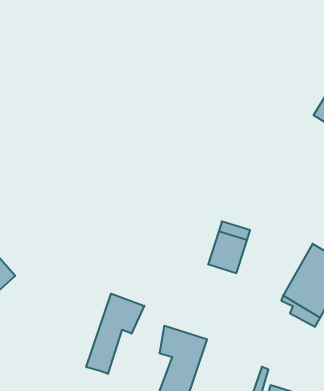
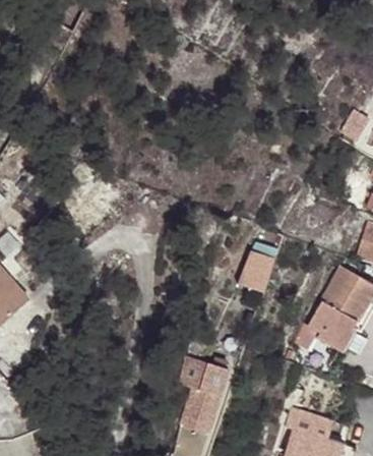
building: [86,294,144,374] -> none

